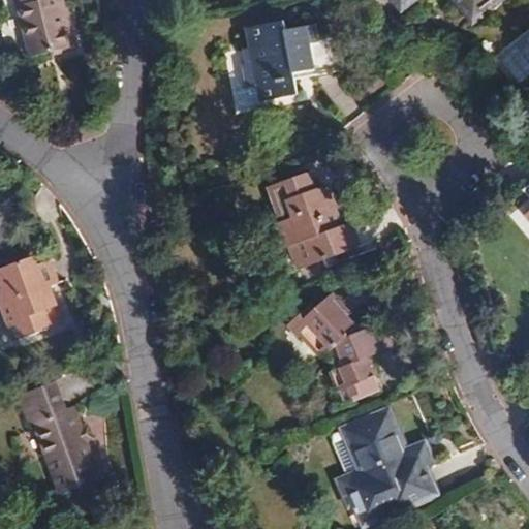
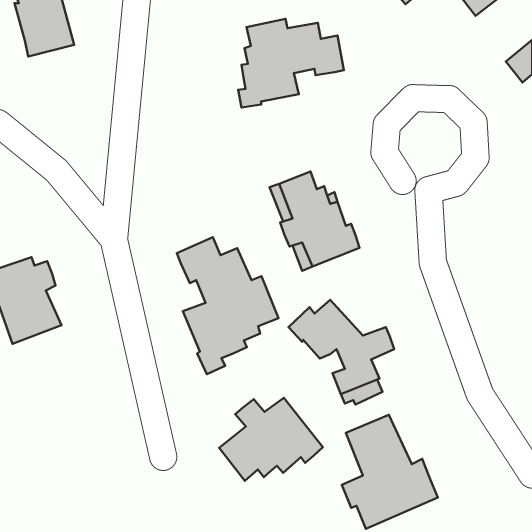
building: none -> [177,237,278,374]
building: [17,380,98,492] -> none
building: none -> [219,398,323,481]

